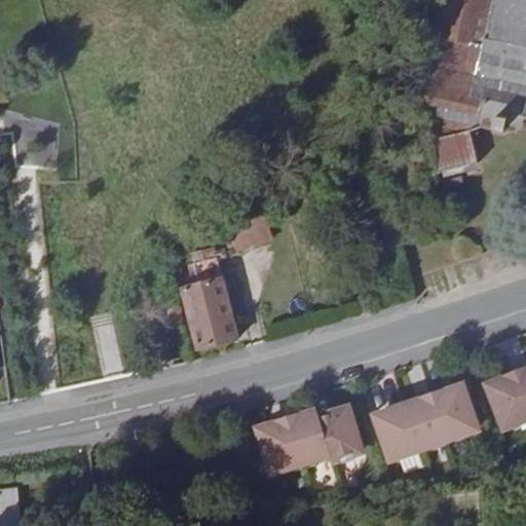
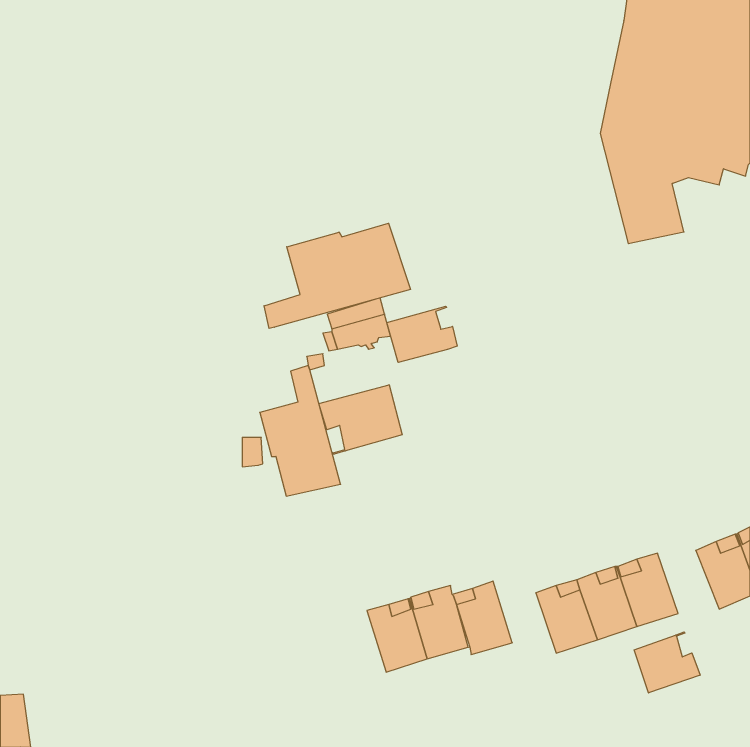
building: none -> [264,223,410,328]
building: none -> [387,306,457,362]
building: none -> [319,385,402,454]
building: none -> [634,632,700,693]

